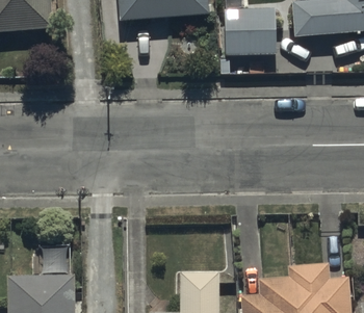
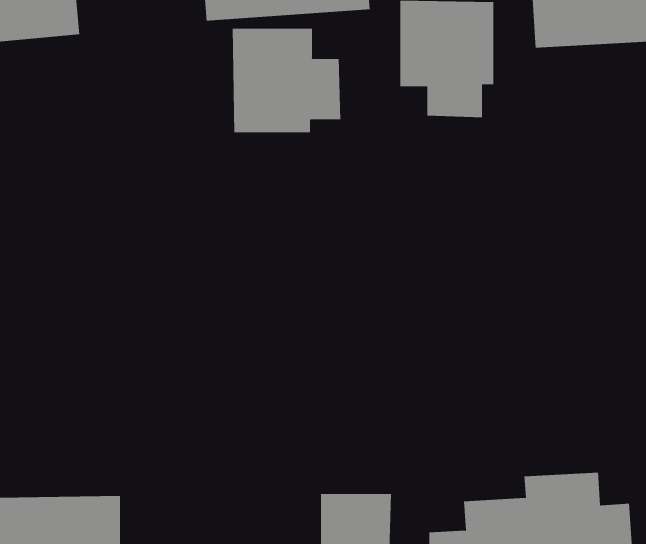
building: none -> [232,28,341,133]

